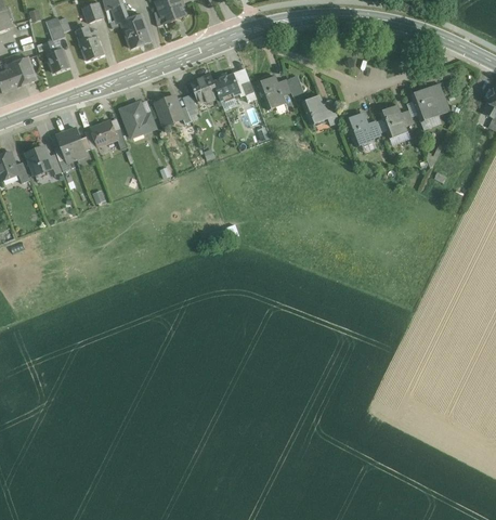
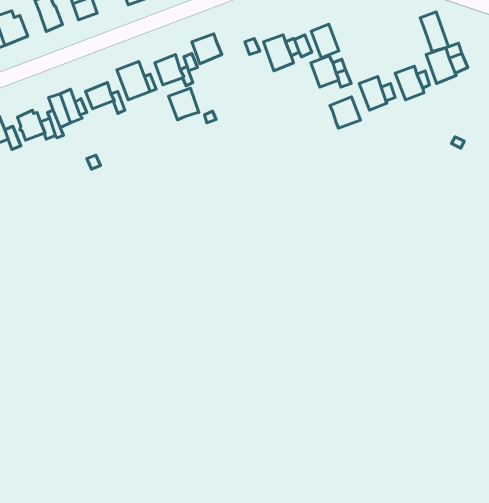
building: none -> [420,12,449,51]
building: none -> [311,24,339,58]
building: [212,74,240,101] -> none
building: none -> [169,88,199,120]
building: none -> [330,97,361,128]

